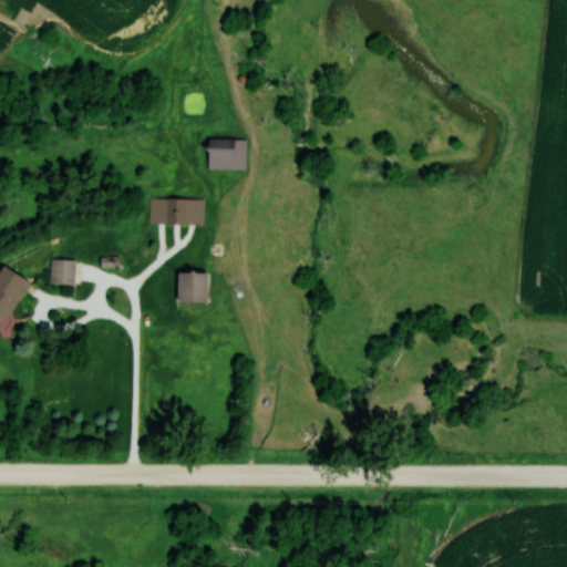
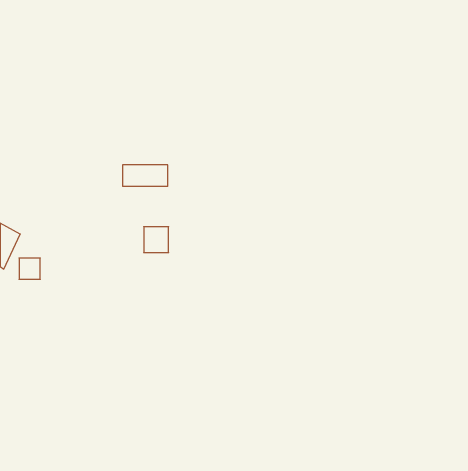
building: [205,137,248,169] -> none
building: [50,259,75,285] -> [19,258,40,279]

